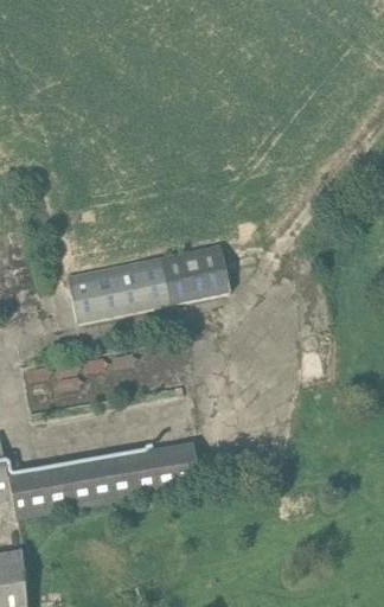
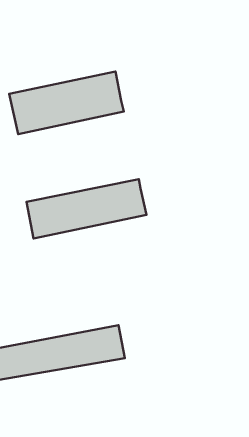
building: none -> [9,72,124,134]

